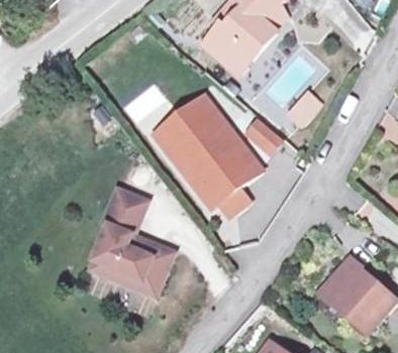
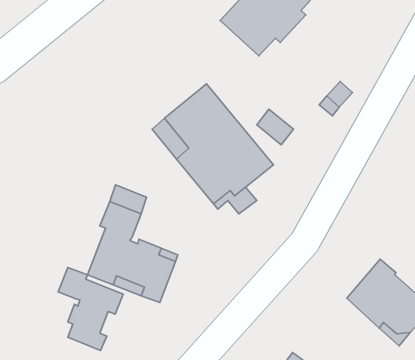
building: none -> [58,267,123,350]

